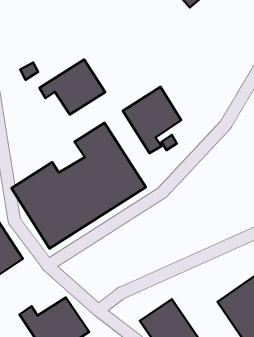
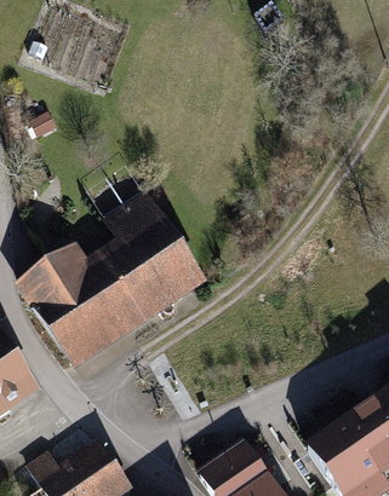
building: [39,59,105,114] -> none
building: [123,87,181,153] -> none

